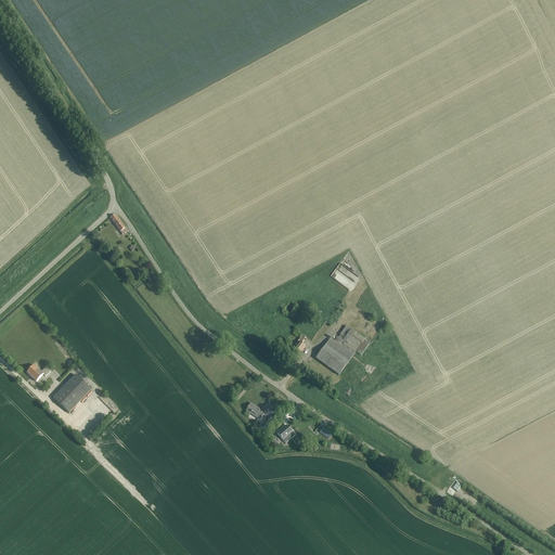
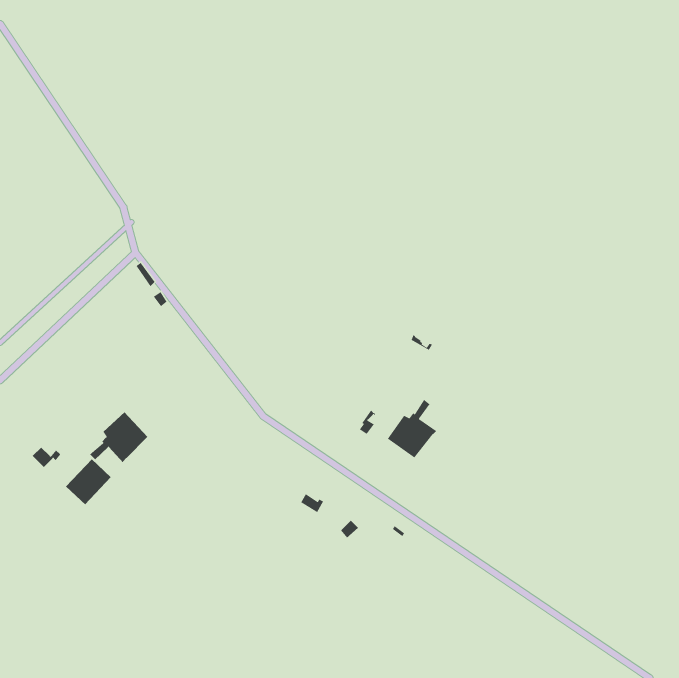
building: none -> [89,411,148,463]

